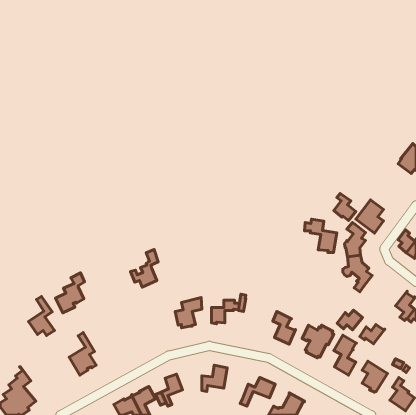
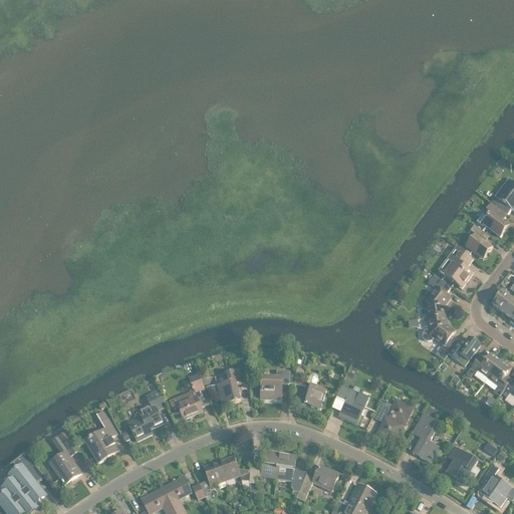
building: none -> [477,202,509,236]
building: [334,193,356,220] -> [466,224,493,257]
building: [305,219,337,253] -> none
building: [131,250,158,287] -> [170,372,204,419]
building: [55,273,85,313] -> [127,391,164,440]
building: [28,296,54,335] -> [49,431,81,479]
building: none -> [301,371,325,408]
building: [337,310,362,330] -> [449,336,480,360]
building: [360,324,385,344] -> [471,352,502,376]
building: none -> [276,453,306,491]
building: none -> [218,455,249,480]

